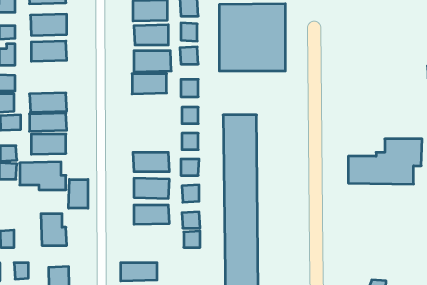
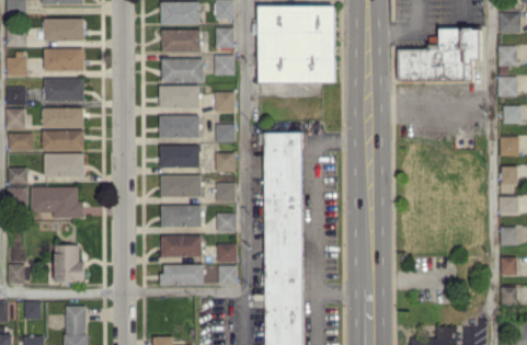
building: none -> [44,78,84,102]
building: none -> [160,115,199,138]
building: none -> [160,145,199,168]
building: [348,139,422,184] -> [398,30,482,81]
building: [69,179,88,208] -> none
building: [121,263,157,281] -> [161,265,203,286]

